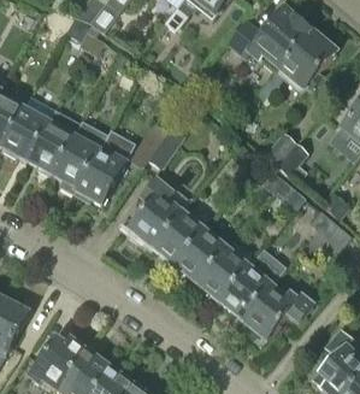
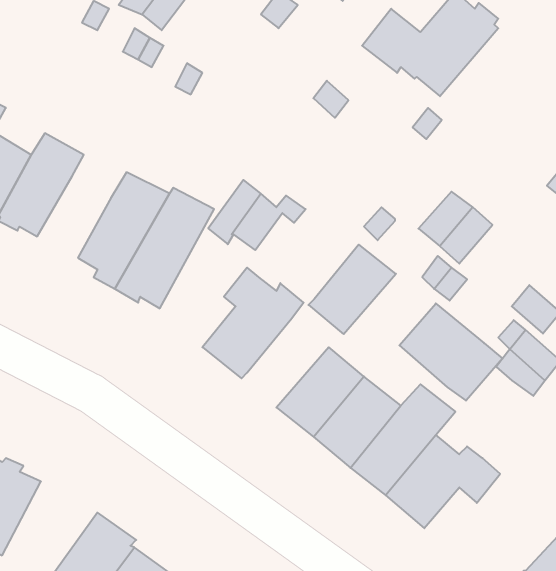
building: [275,30,335,94] -> none
building: [25,122,71,175] -> none
building: none -> [399,303,503,401]
building: [152,210,206,265] -> [308,245,396,334]

